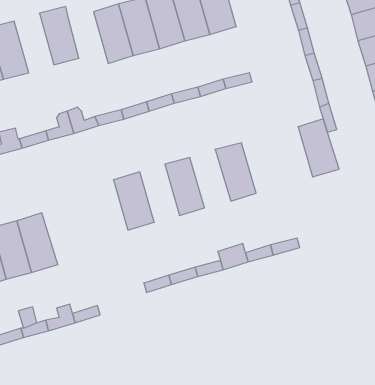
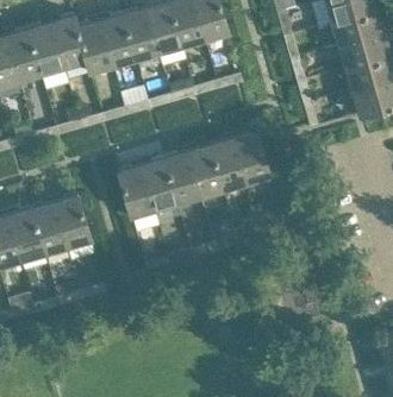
building: none -> [77,21,113,74]
building: none -> [29,23,64,76]
building: [298,119,339,177] -> [233,132,270,184]
building: none -> [187,145,224,197]
building: none -> [142,158,177,210]
building: none -> [54,196,91,248]

